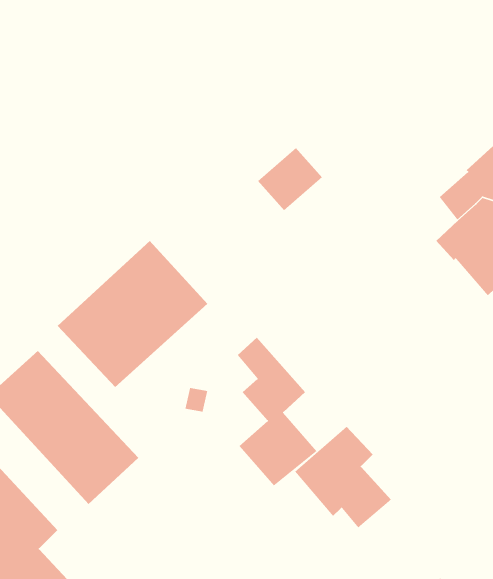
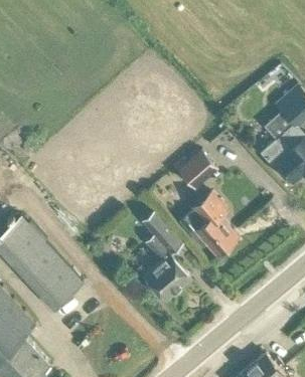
building: [257,147,323,211] -> [177,151,216,189]
building: [57,240,208,388] -> none
building: [294,426,392,529] -> [178,194,237,255]

